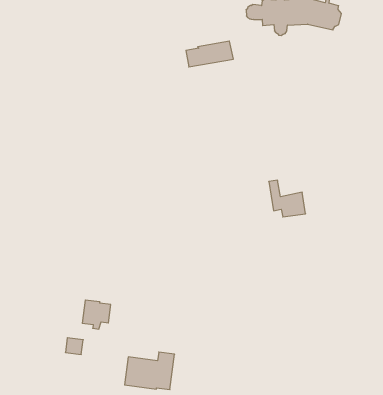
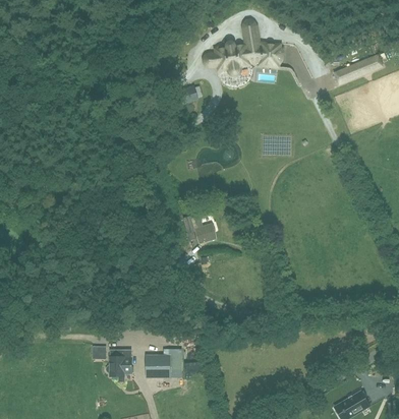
building: [269,180,306,217] -> [183,215,217,244]
building: [82,300,111,329] -> [110,357,131,379]

